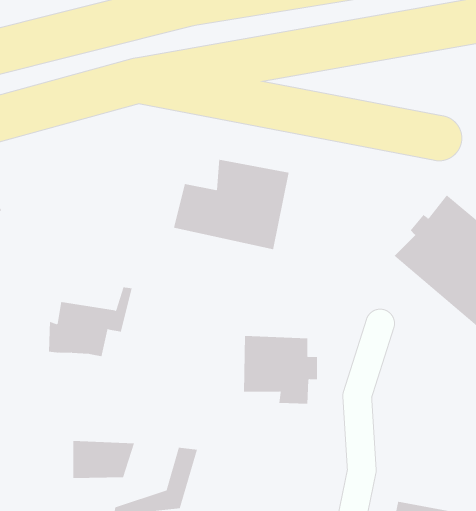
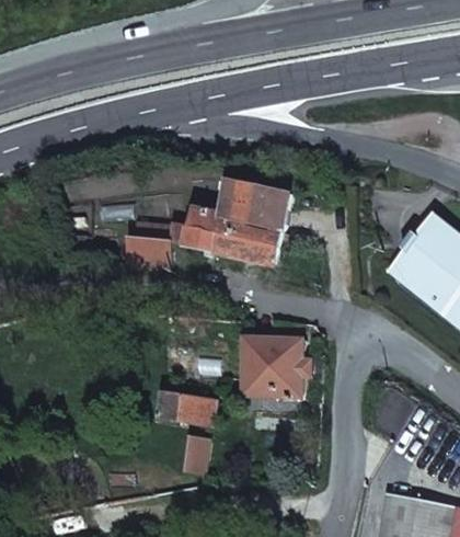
building: [48,287,133,357] -> [118,202,194,264]
building: [72,441,135,479] -> [163,395,219,429]

